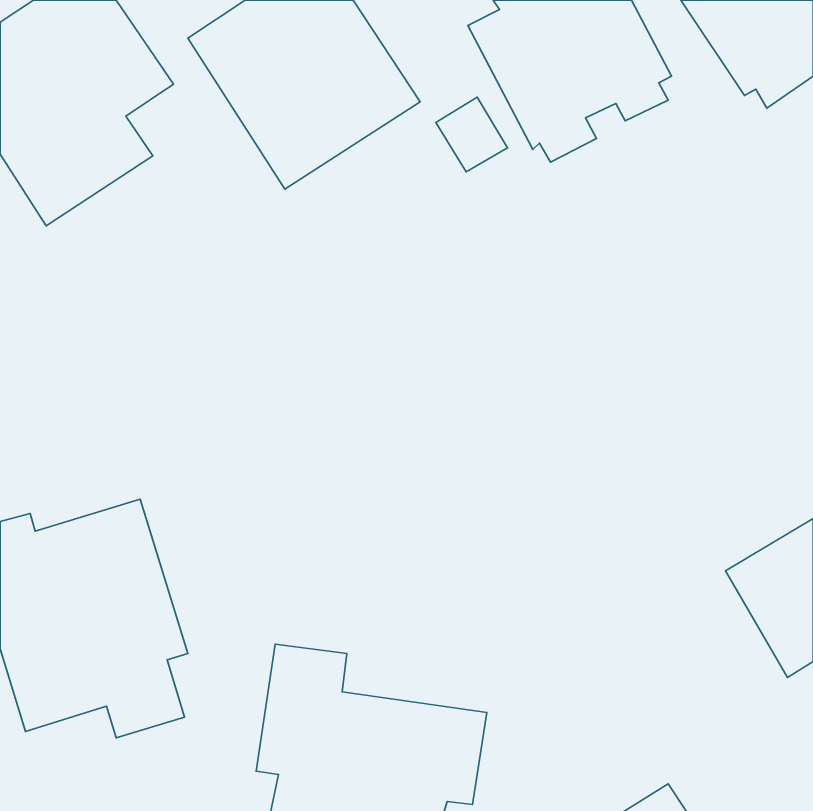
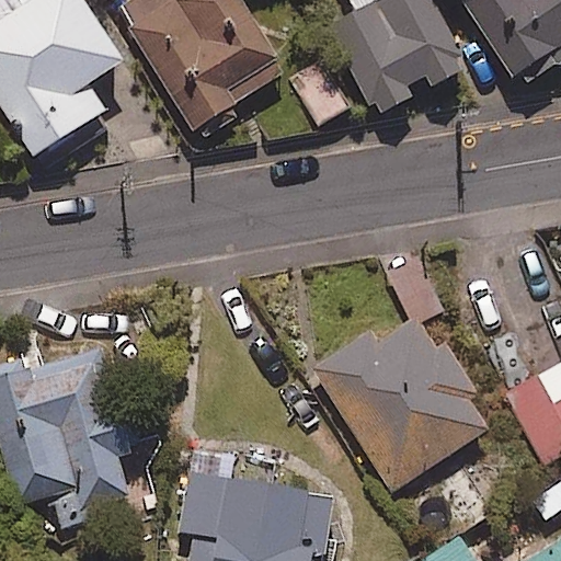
building: none -> [309,314,486,490]

